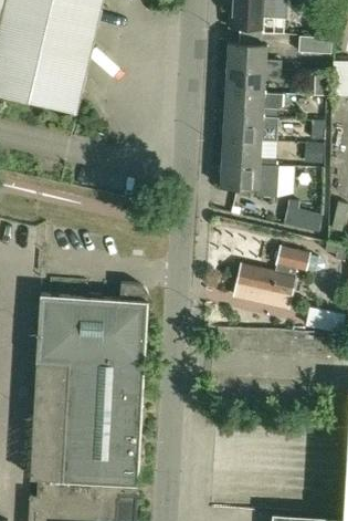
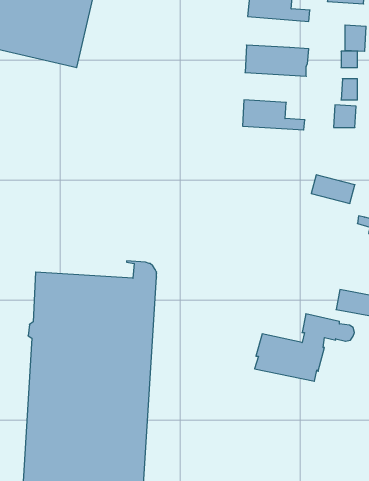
building: [226,66,282,94] -> none
building: [224,116,280,143] -> none
building: [221,164,280,198] -> none
building: [234,248,323,308] -> [255,314,354,381]

